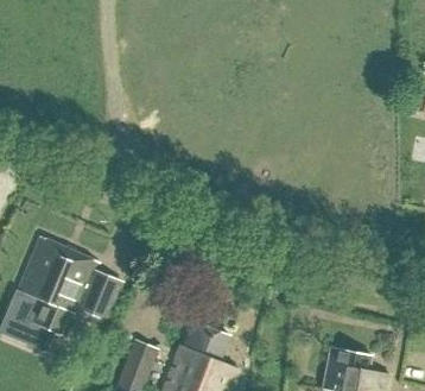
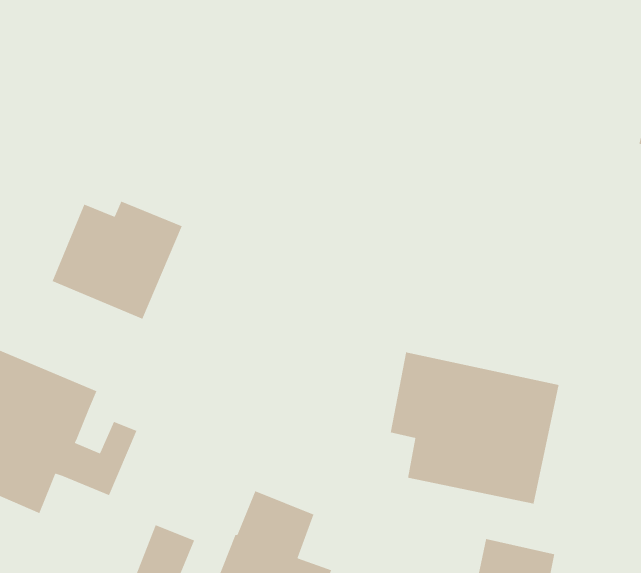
building: none -> [51,201,183,320]
building: none -> [390,351,560,504]

